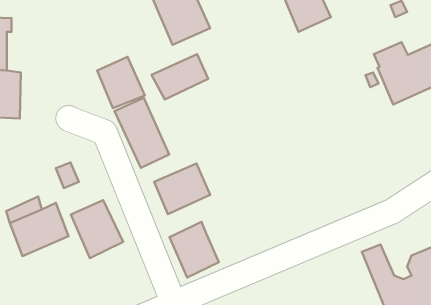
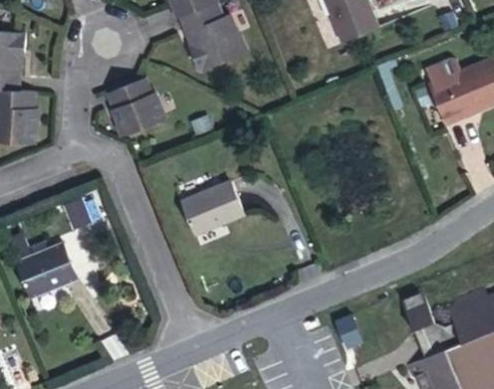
building: [152,54,208,100] -> none
building: [115,98,169,168] -> none
building: [71,200,123,258] -> none
building: [170,222,219,278] -> none

